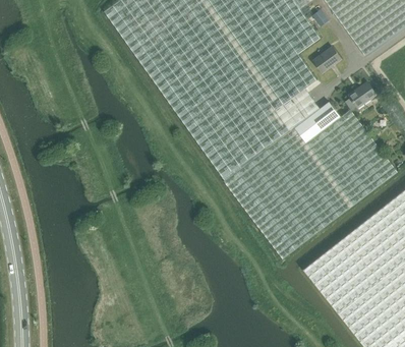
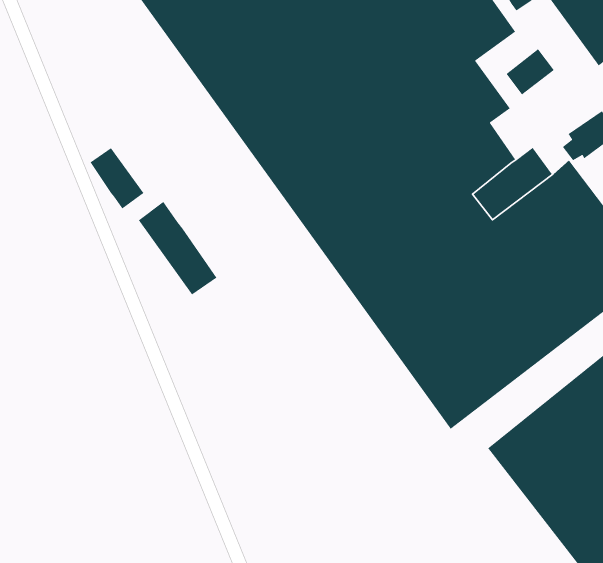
building: none -> [89,147,144,210]
building: none -> [138,201,217,295]

